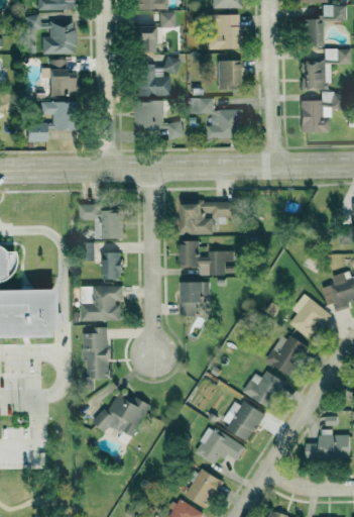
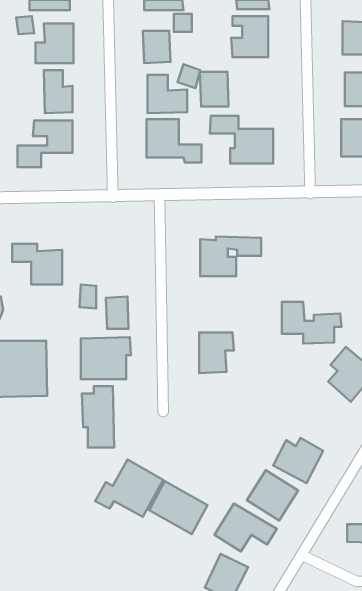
building: [217,62,241,91] -> [200,72,229,107]
building: [79,204,121,238] -> [12,244,62,285]
building: [181,240,231,276] -> [282,302,341,344]
building: [265,332,307,376] -> none
building: none -> [149,481,207,534]

